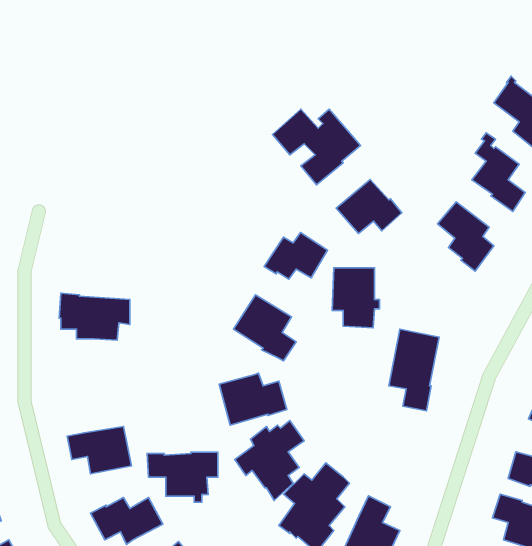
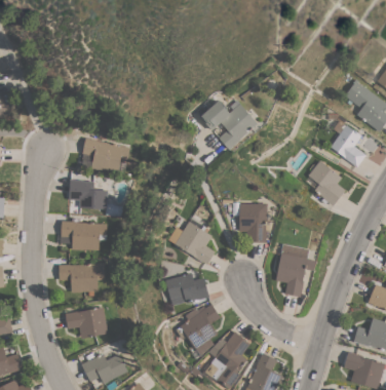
building: none -> [81,138,129,172]
building: [336,180,402,234] -> none
building: none -> [68,180,107,208]
building: [264,232,327,279] -> none
building: [147,452,218,502] -> [57,263,104,296]

